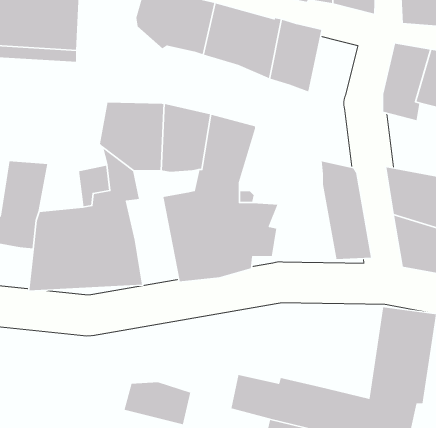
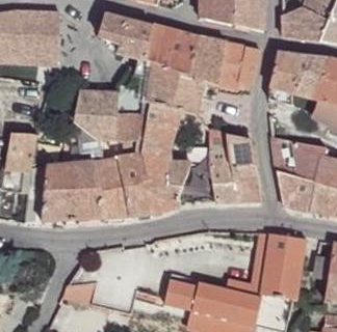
building: none -> [217,42,259,89]
building: none -> [116,57,204,113]
building: none -> [207,148,236,200]
building: none -> [92,157,128,218]
building: none -> [225,232,268,296]

